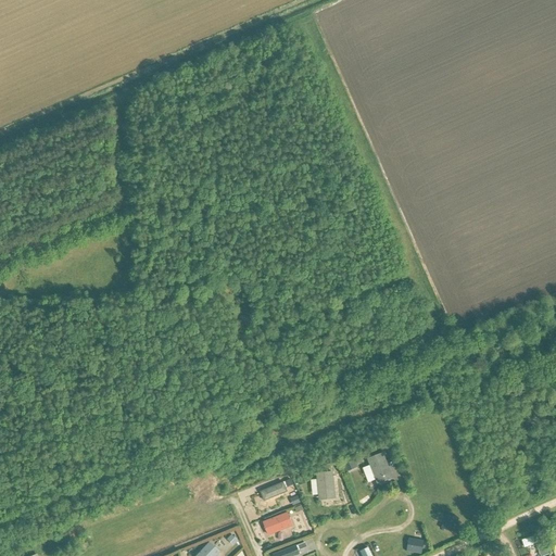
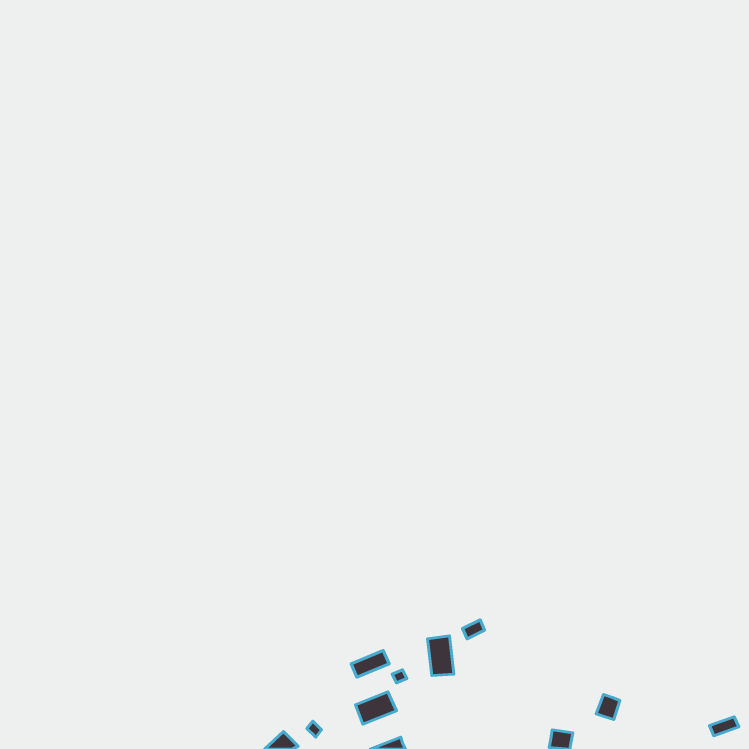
building: [368,452,394,483] -> none

